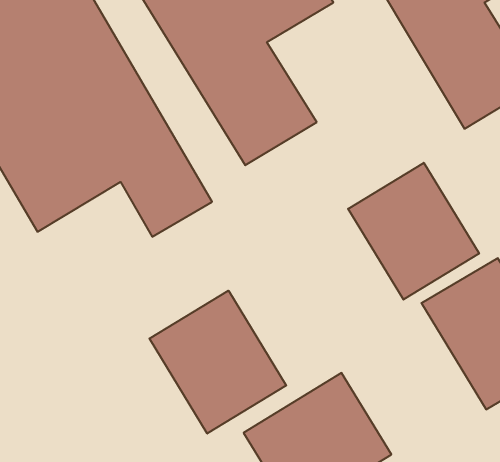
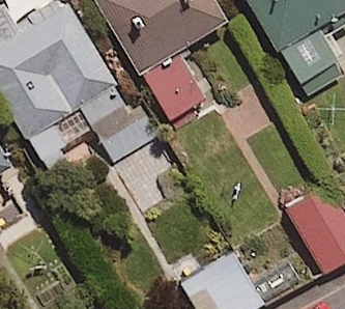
building: [348,163,479,300] -> none
building: [149,291,286,434] -> none

